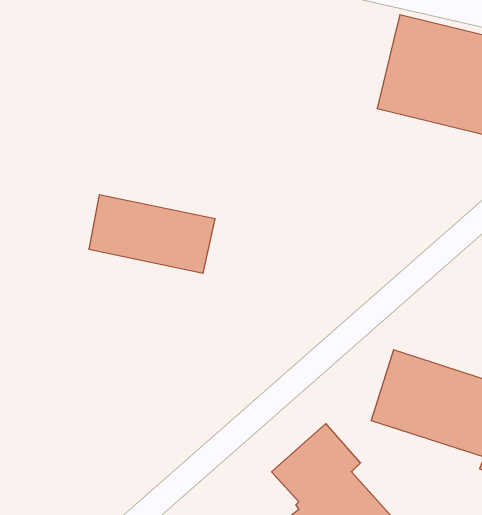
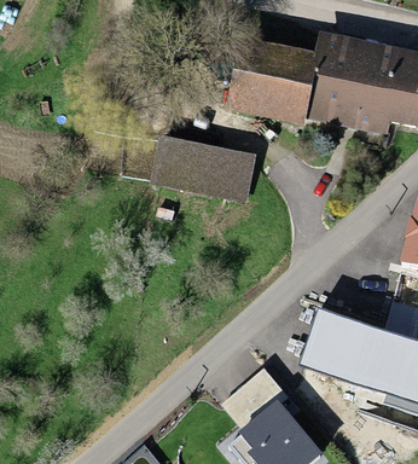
building: none -> [228,41,317,127]
building: [89,195,215,273] -> [151,139,252,202]

